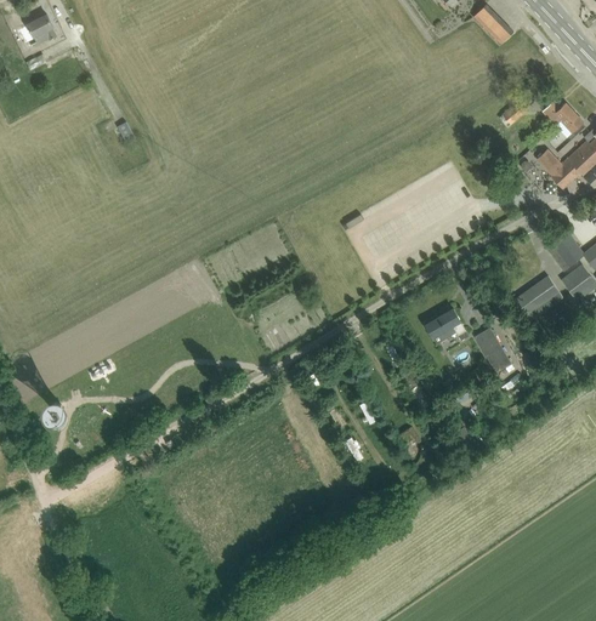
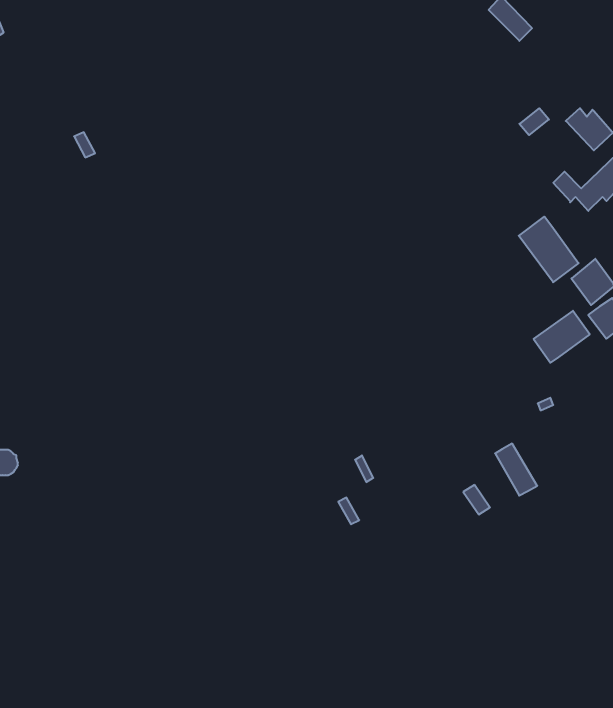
building: none -> [519,217,579,282]
building: [427,308,469,343] -> none
building: [476,327,512,372] -> [495,444,537,496]

